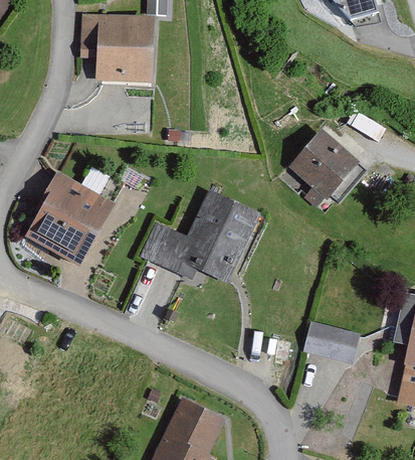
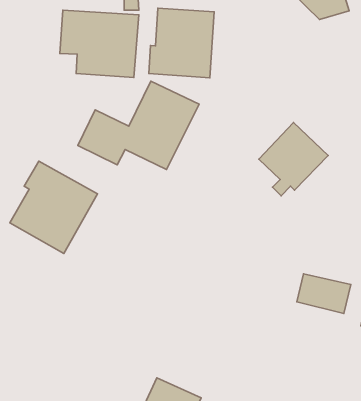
building: none -> [149,8,214,78]
building: [137,188,263,281] -> [78,81,199,170]
building: [302,323,359,364] -> [297,274,351,313]

